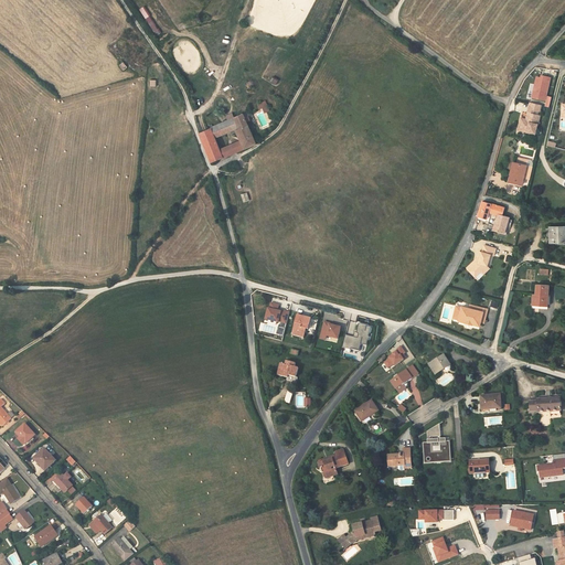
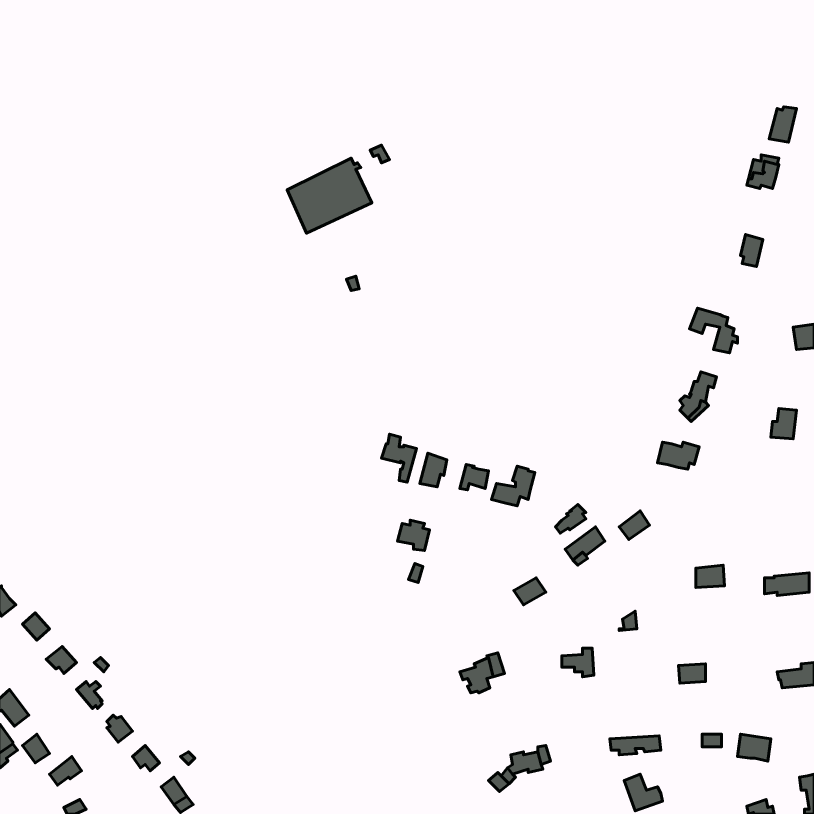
building: [423,437,450,458] -> none

